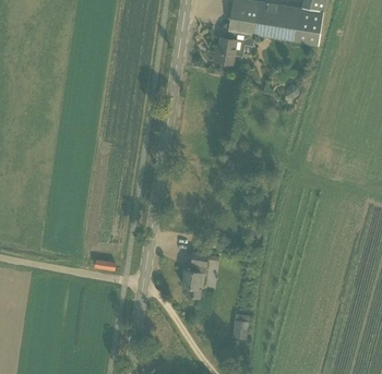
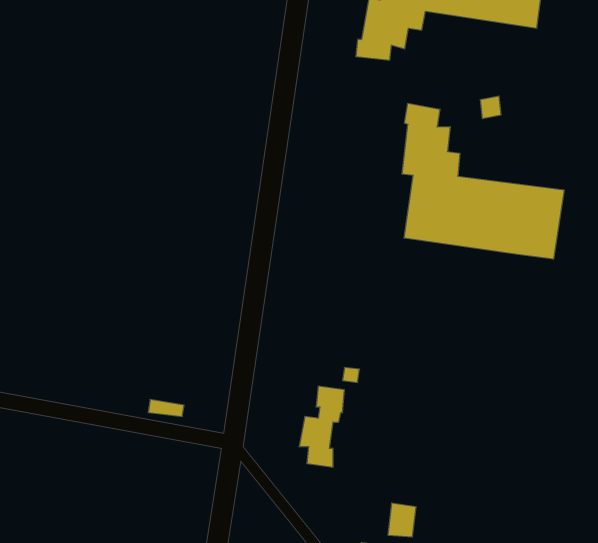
building: none -> [402,103,564,259]

